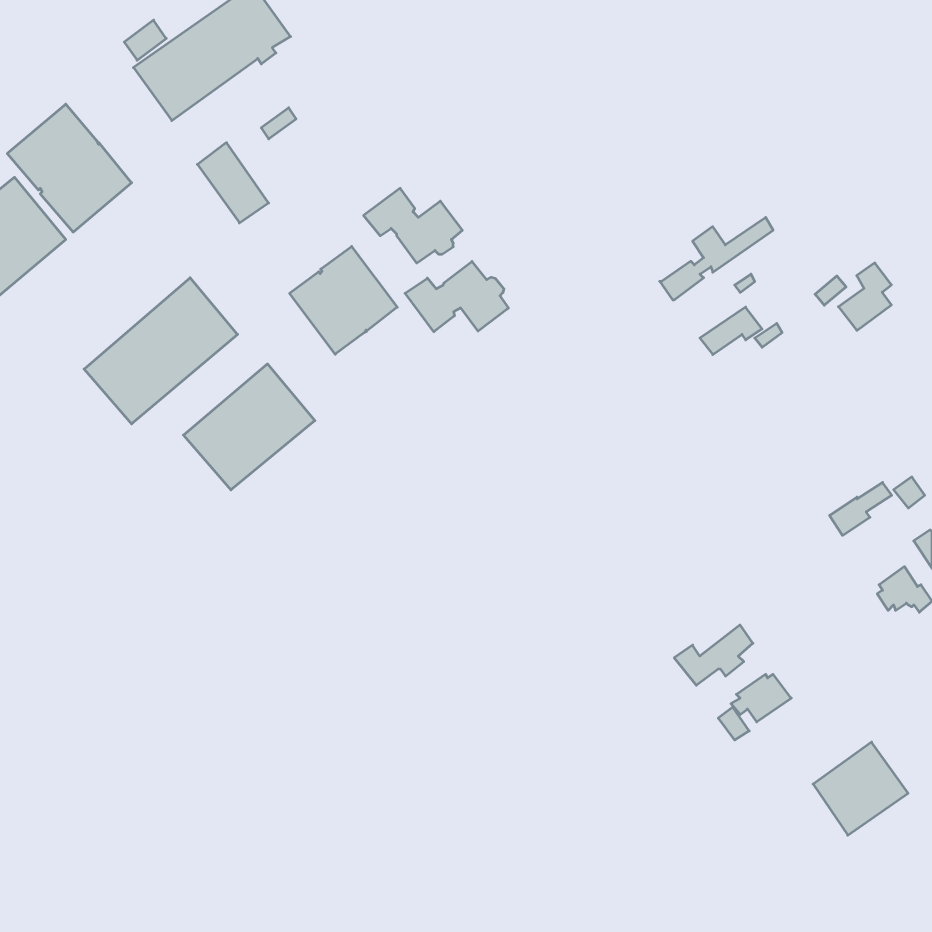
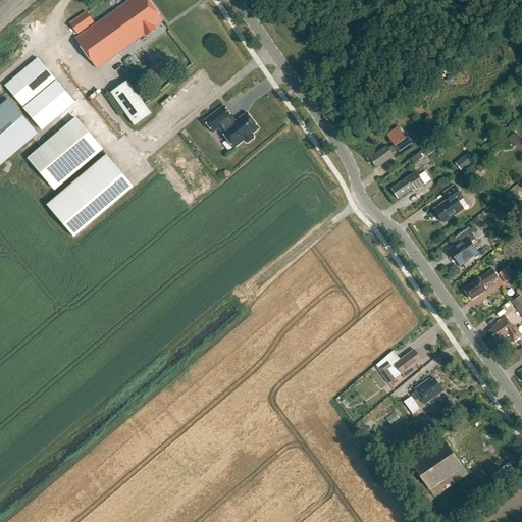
building: [290,246,397,354] -> none
building: [405,261,508,332] -> none
building: [838,263,891,330] -> [433,185,463,222]
building: [183,364,315,490] -> [28,117,101,188]
building: none -> [449,237,478,265]
building: [813,742,908,835] -> [410,438,463,490]

